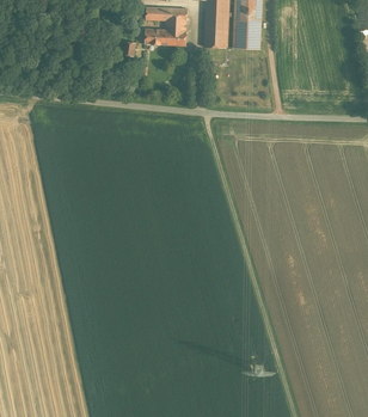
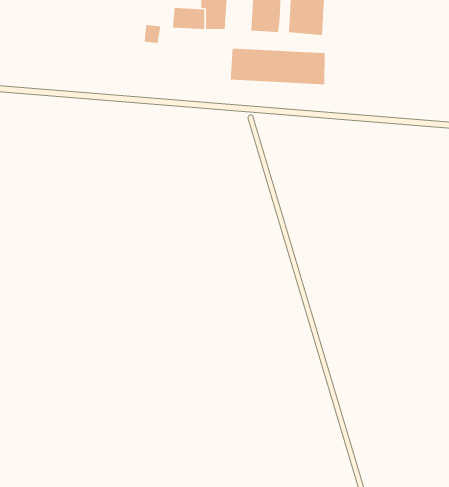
building: none -> [230,48,325,85]

